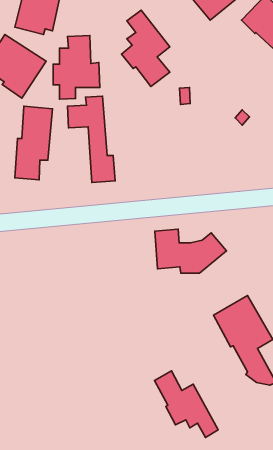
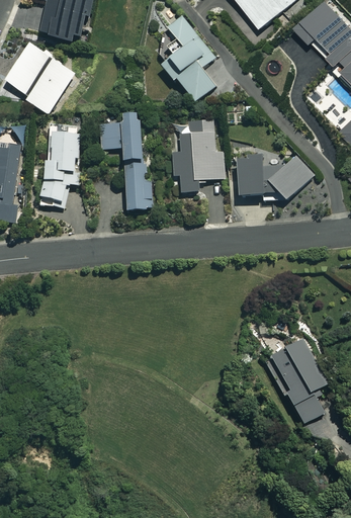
building: [53,36,100,99] -> [172,120,225,192]
building: [155,229,226,273] -> [233,152,314,201]
building: [154,371,218,437] -> none

